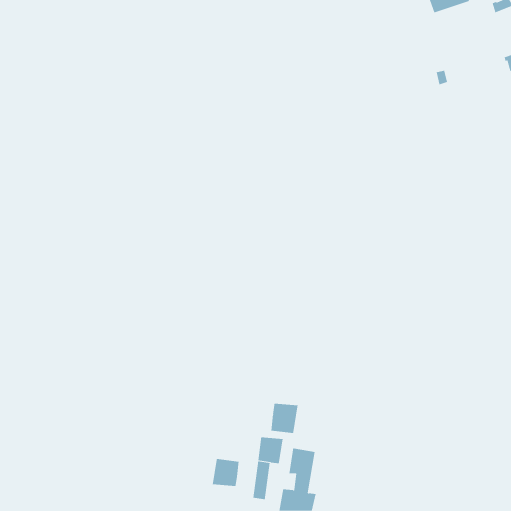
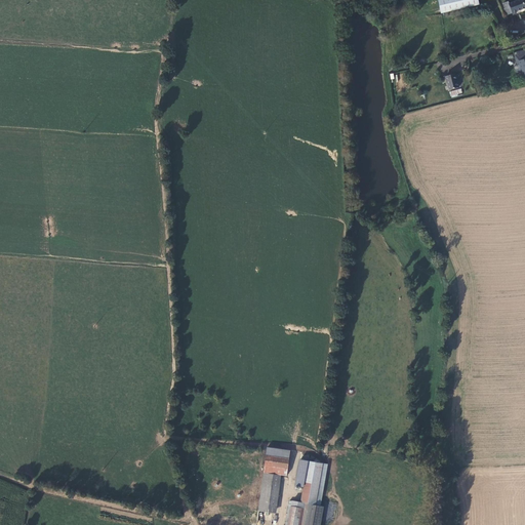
building: [271,403,298,434] -> none
building: [212,458,239,487] -> none

